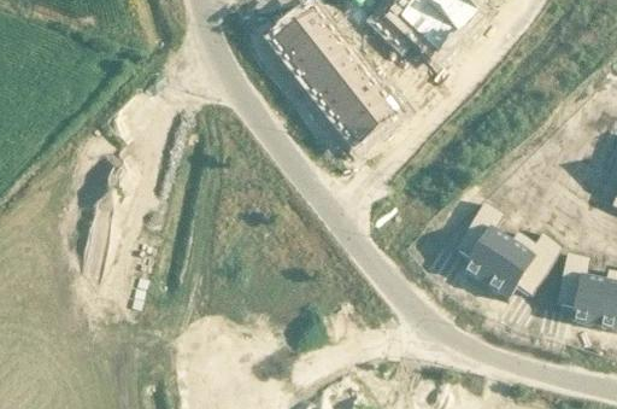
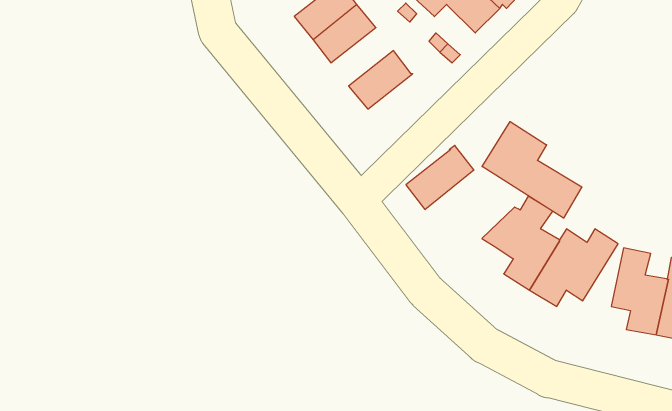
building: [305,48,360,100] -> none
building: [337,86,398,142] -> [406,145,474,209]
building: none -> [482,122,582,218]

